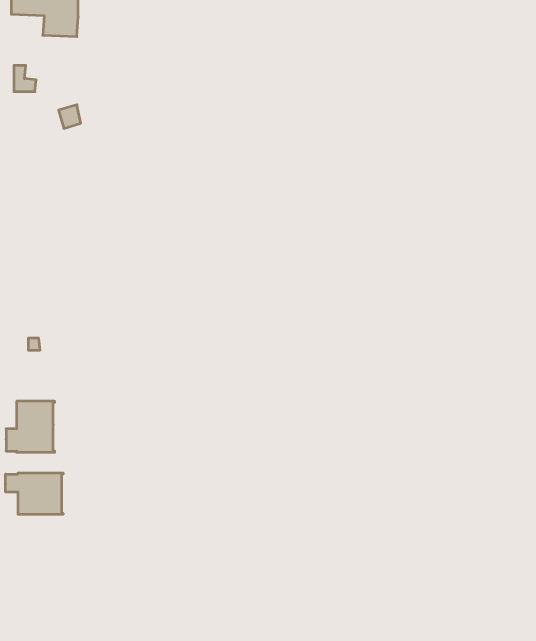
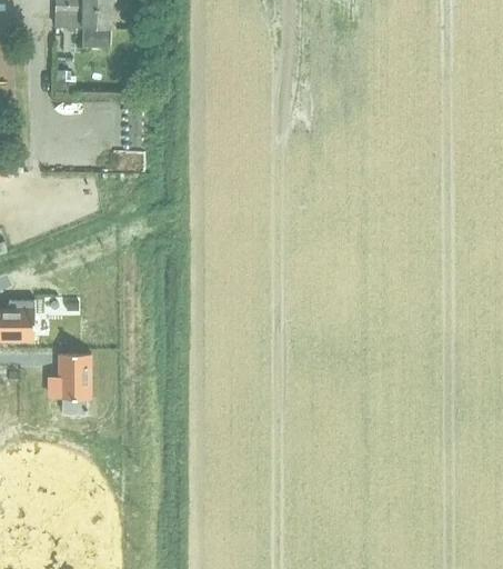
building: [6,473,63,514] -> none

